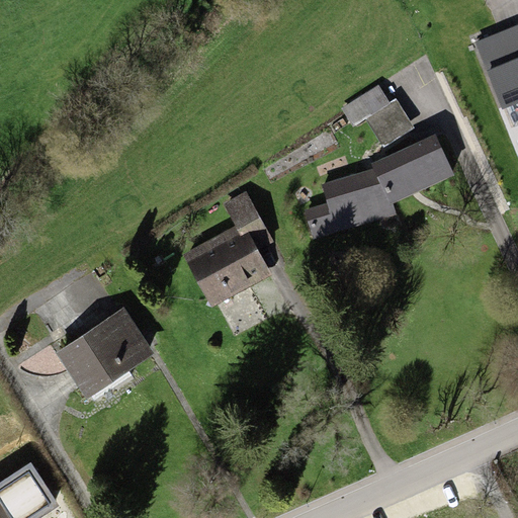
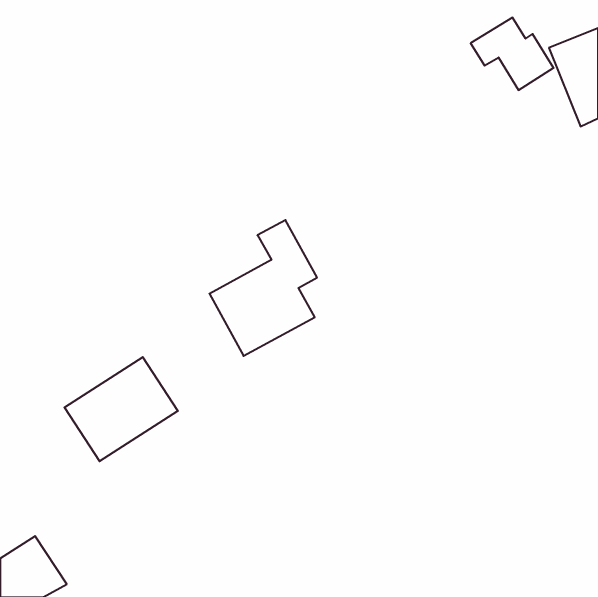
building: [342,84,414,147] -> [471,18,554,90]
building: [305,135,454,238] -> none

